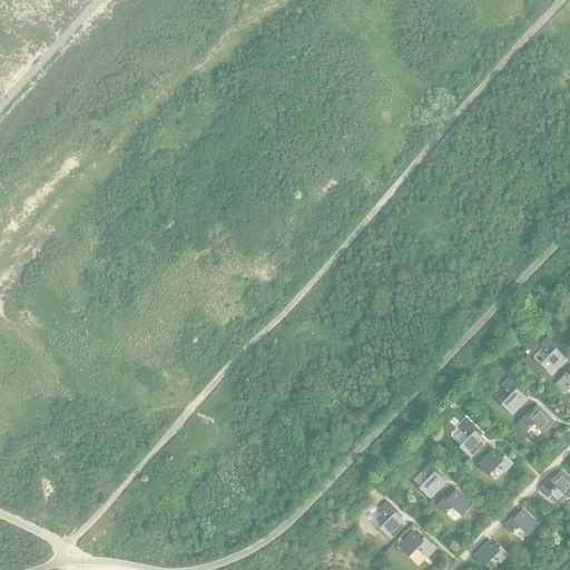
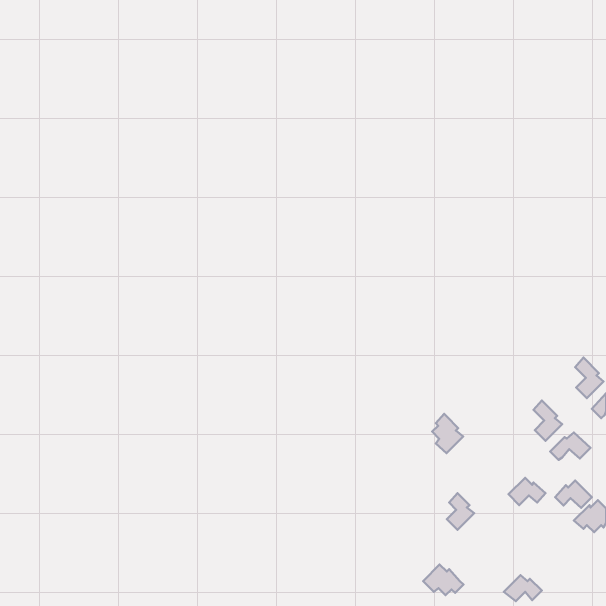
building: [455,419,484,455] -> [432,414,463,453]
building: [436,489,471,514] -> none
building: [375,500,404,538] -> none
building: [503,508,538,533] -> [555,480,592,508]

